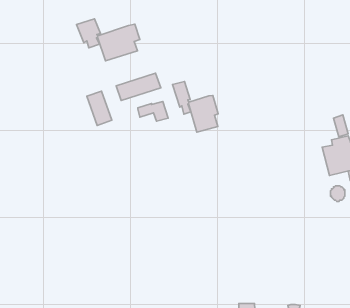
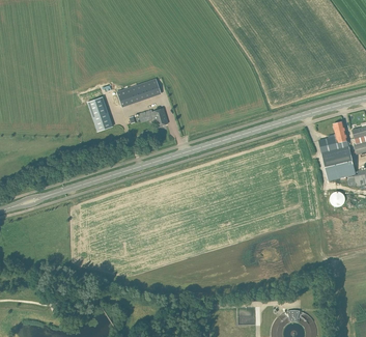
building: [77,19,140,61] -> none
building: [173,82,218,132] -> none

